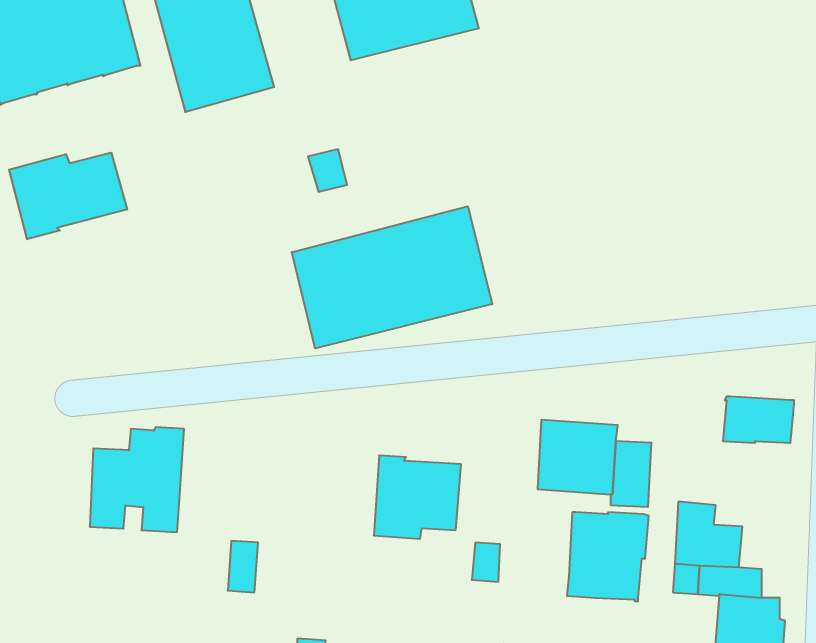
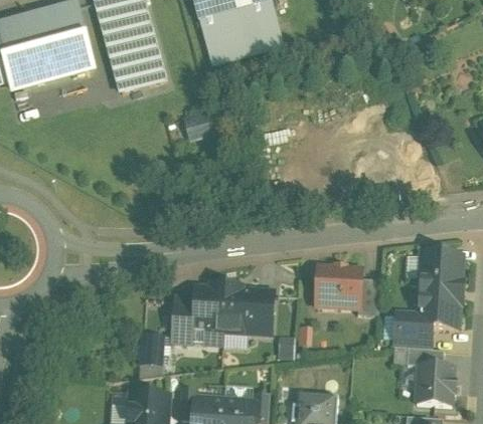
building: [9,153,127,239] -> none
building: [292,206,492,348] -> none
building: [90,427,184,532] -> [174,285,227,345]
building: [567,512,649,601] -> [417,278,463,329]

